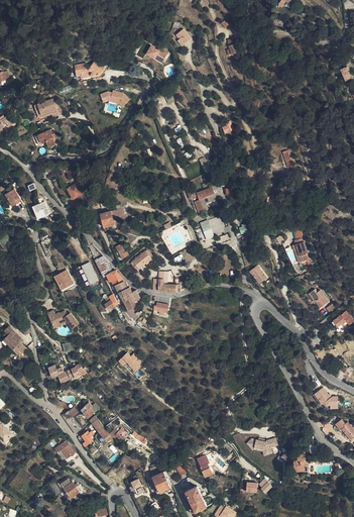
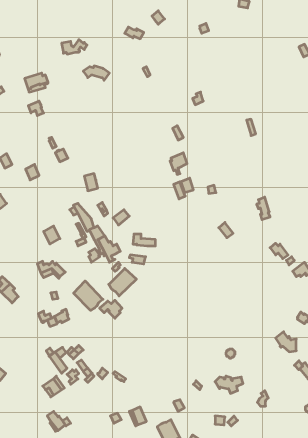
building: none -> [109,268,136,296]
building: none -> [74,281,103,310]

